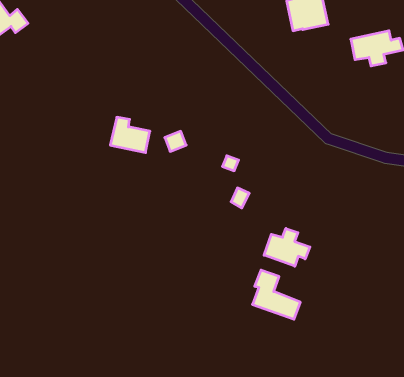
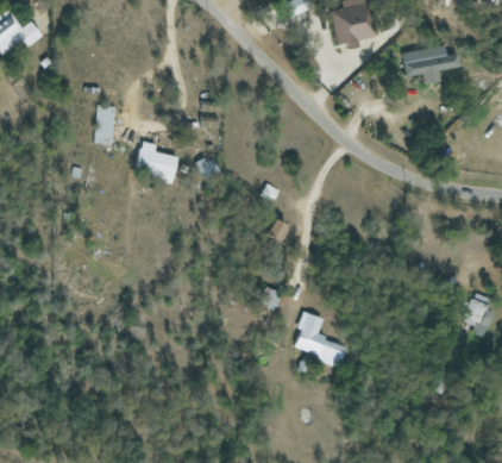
building: none -> [94,105,114,143]
building: [264,228,310,266] -> none

